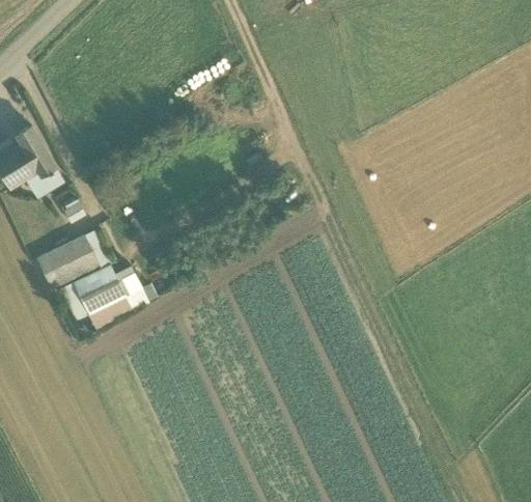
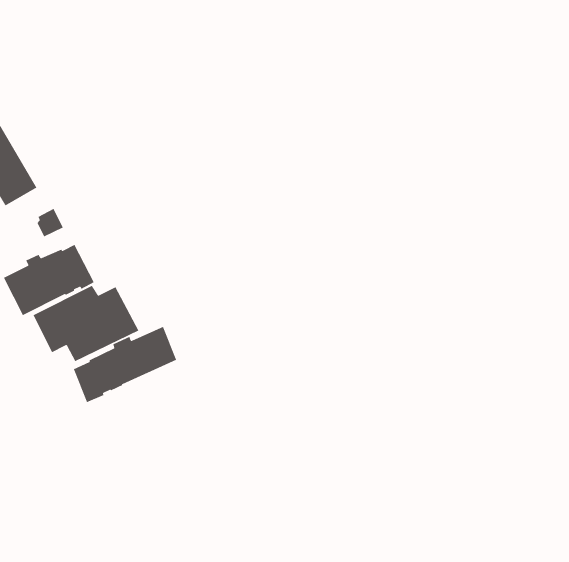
building: none -> [73,326,177,403]

